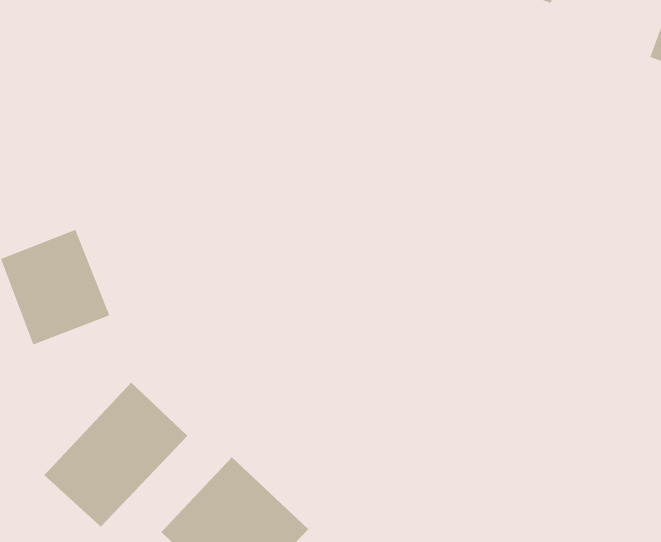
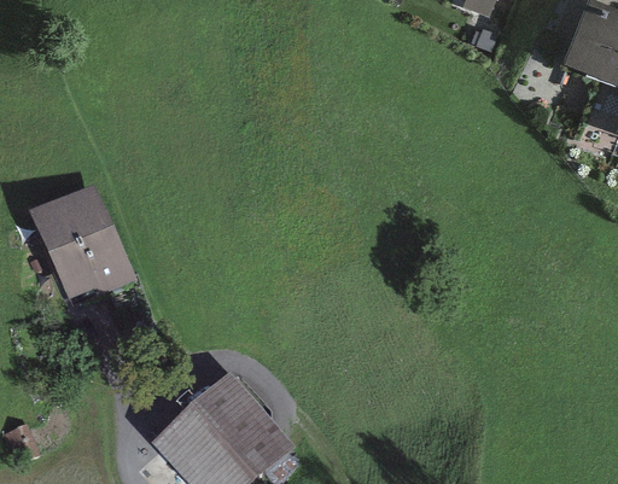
building: [43,382,188,527] -> none

